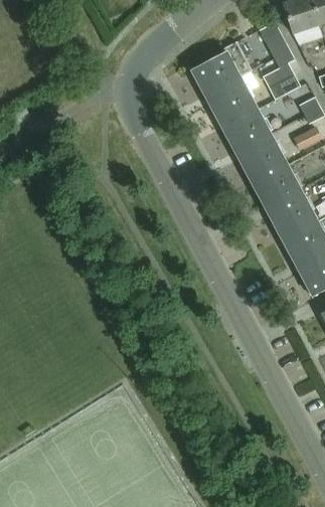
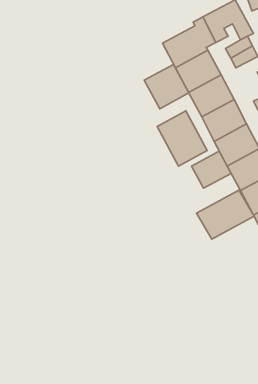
building: none -> [144,64,189,109]
building: none -> [157,111,207,166]
building: none -> [191,151,231,188]
building: none -> [197,190,254,239]

